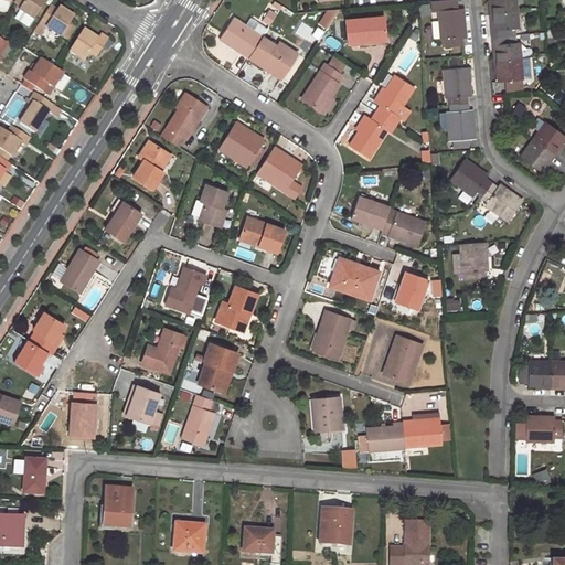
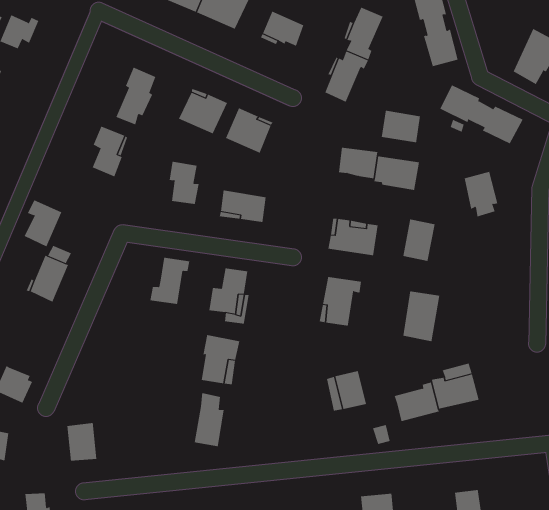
building: none -> [381,110,421,143]
building: [105,198,142,242] -> [24,200,62,247]
building: [30,313,65,355] -> none
building: [141,329,182,373] -> none
building: [127,386,159,424] -> none

